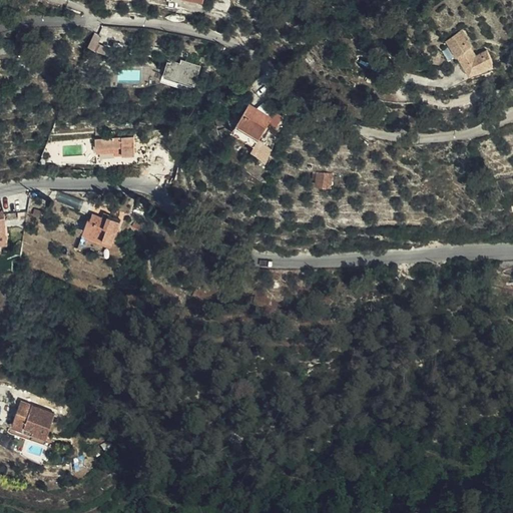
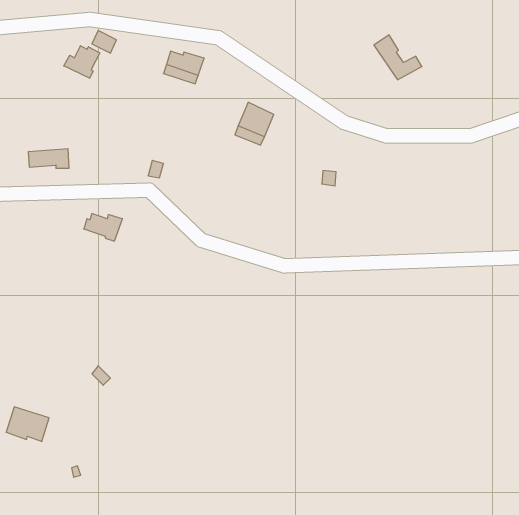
building: [441,33,488,77] -> [374,35,422,80]
building: none -> [64,46,100,78]
building: [98,135,138,154] -> [28,149,69,168]

